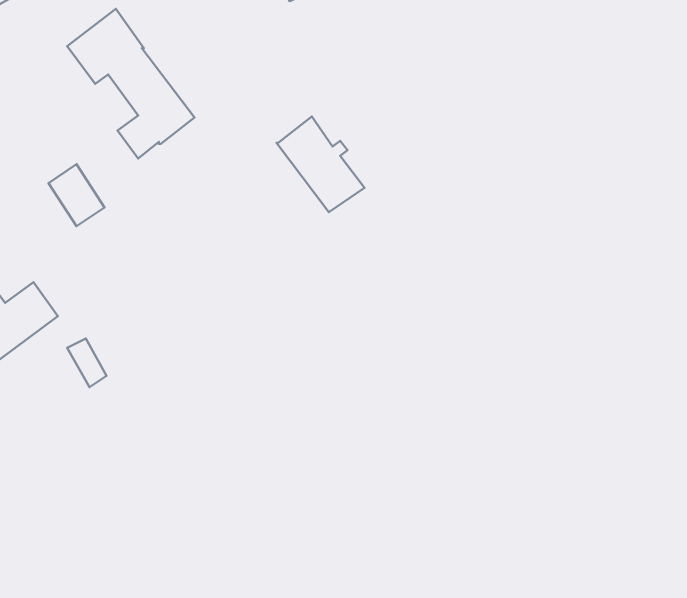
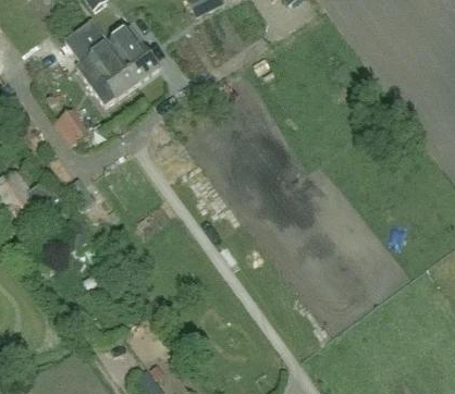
building: [276,117,364,212] -> [108,25,159,81]

